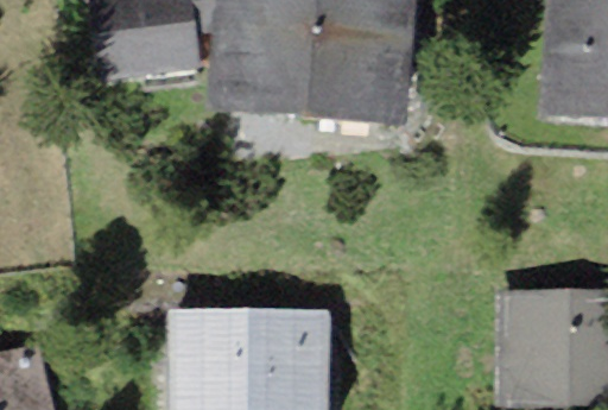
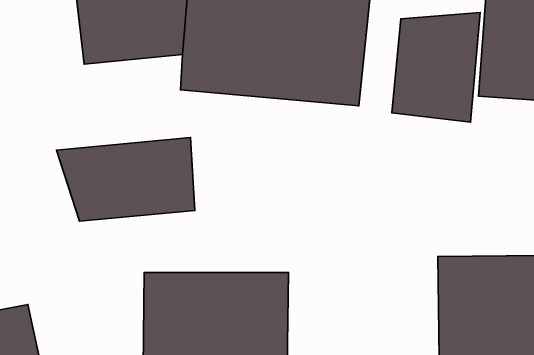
building: none -> [392,12,480,122]
building: none -> [56,138,195,221]

